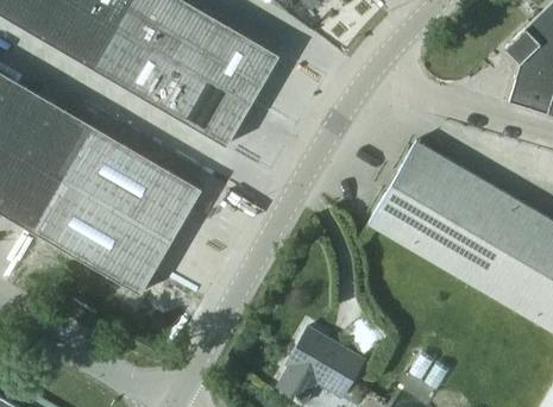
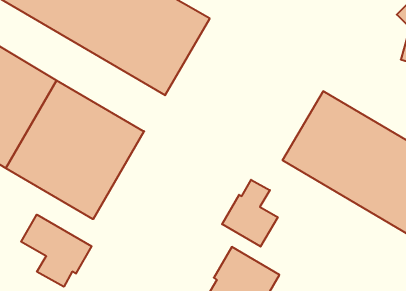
building: none -> [222,180,278,247]
building: none -> [21,215,92,287]

